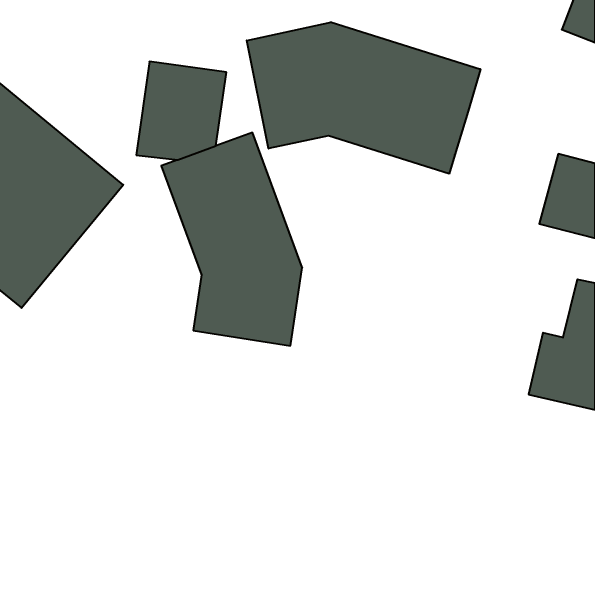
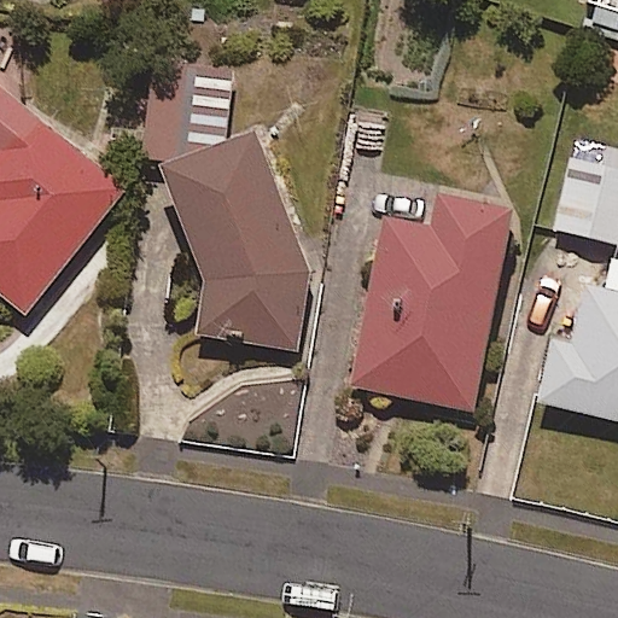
building: [247,22,480,174] -> none
building: none -> [350,197,514,410]

